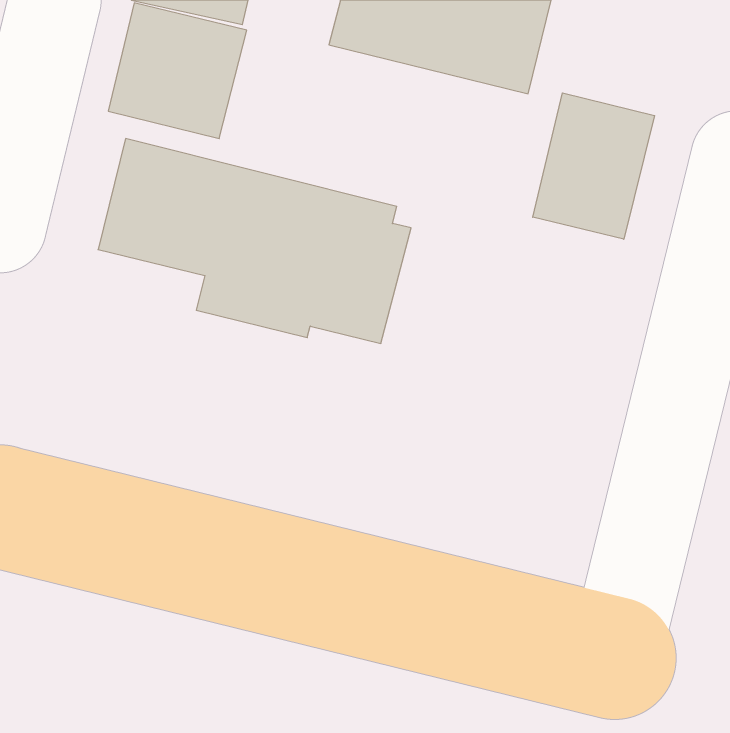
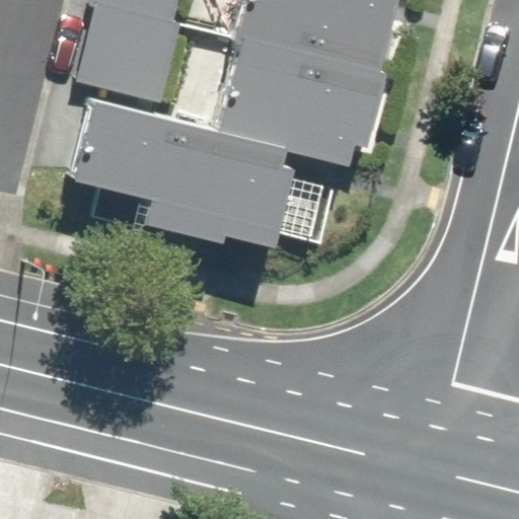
building: none -> [214,34,376,161]
building: [533,93,655,239] -> none

